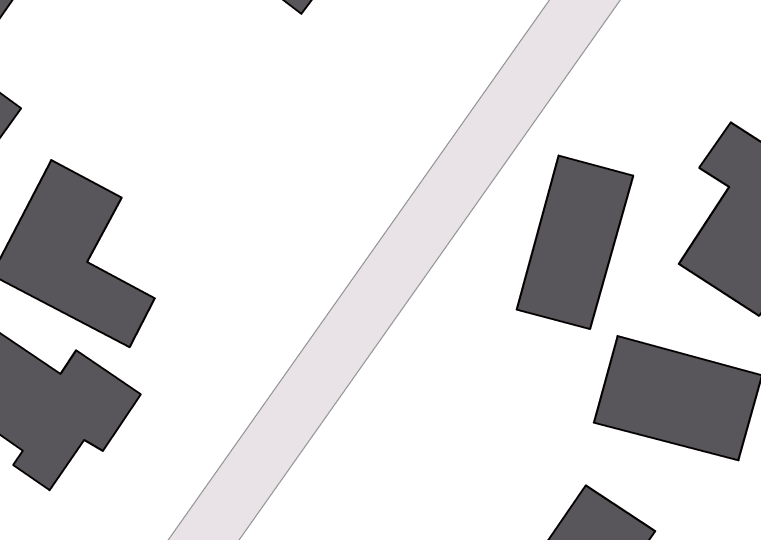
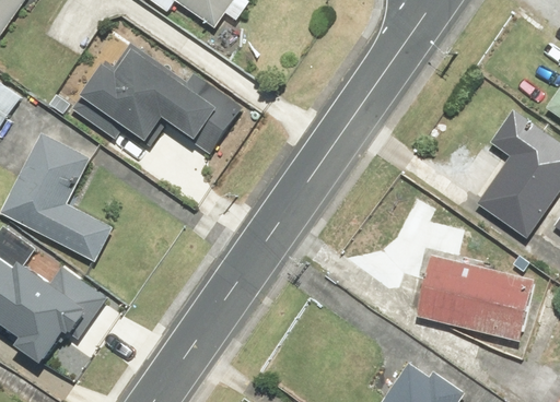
building: none -> [59,43,238,152]
building: [517,155,633,329] -> none

